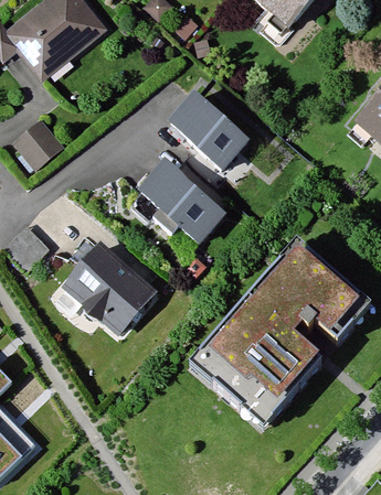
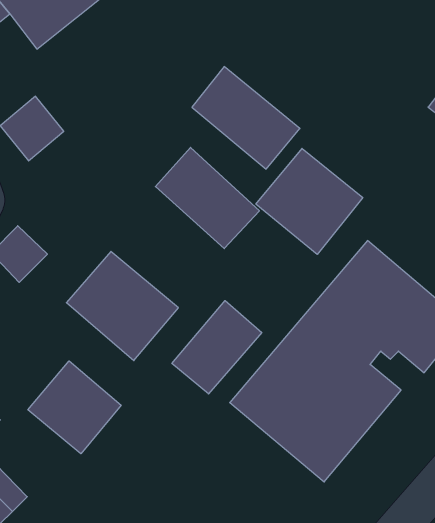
building: none -> [256,148,363,254]
building: none -> [172,301,262,394]
building: none -> [28,361,121,454]

